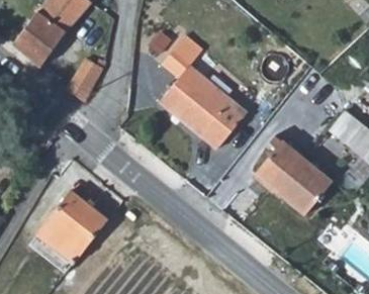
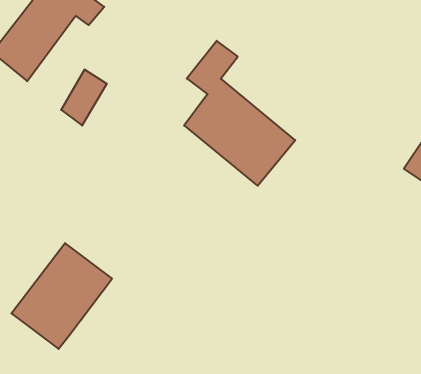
building: [254,139,331,211] -> none

